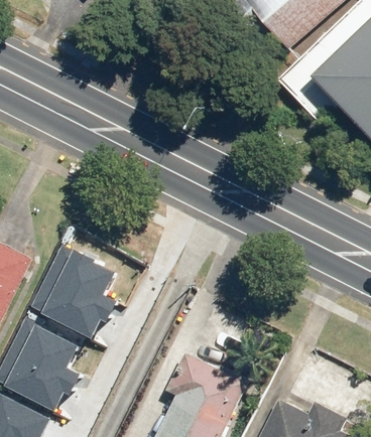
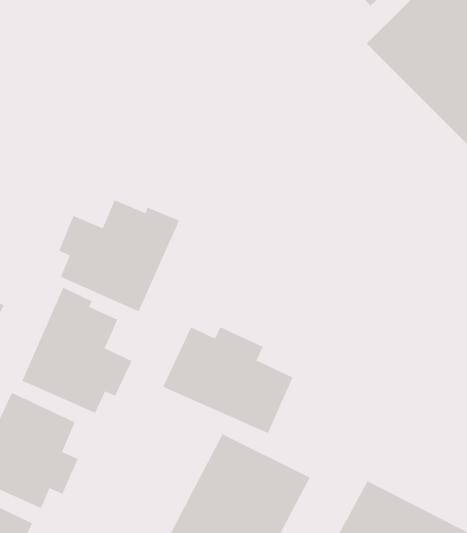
building: none -> [59,199,180,312]
building: none -> [163,326,293,434]

